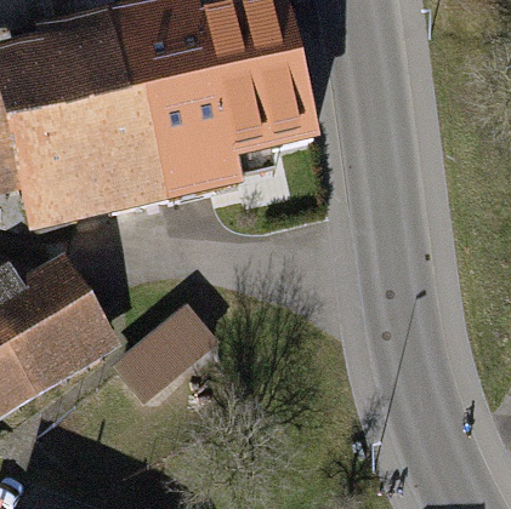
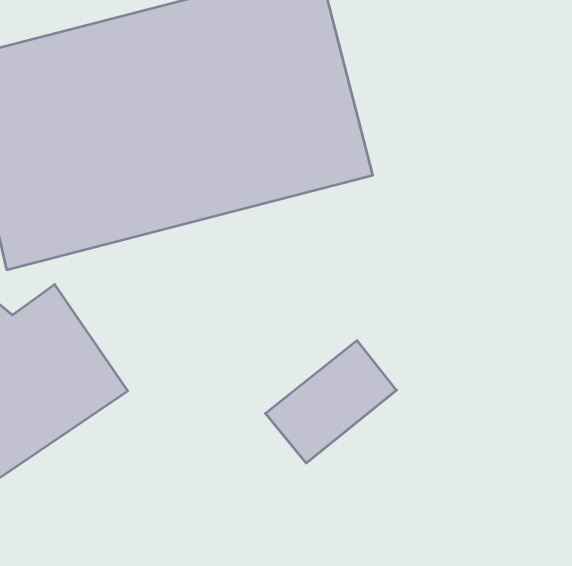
building: [115,291,225,393] -> [265,341,397,463]

